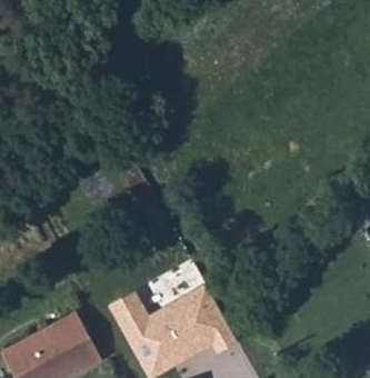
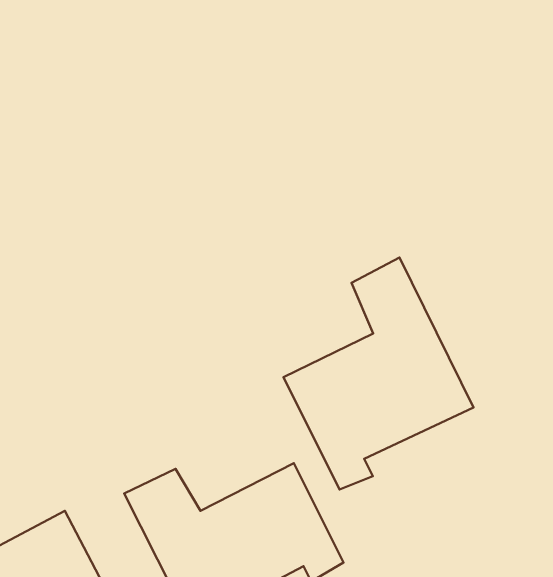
building: none -> [283,258,473,490]

